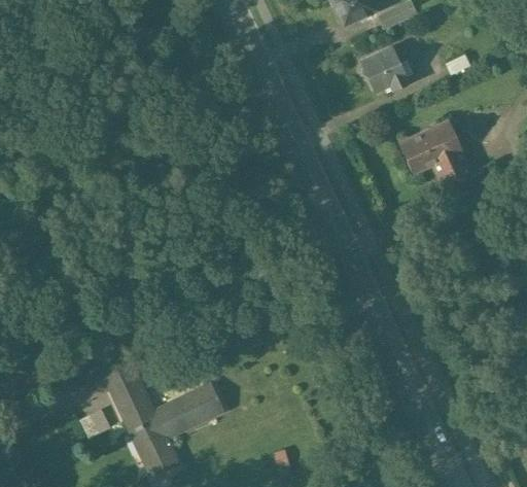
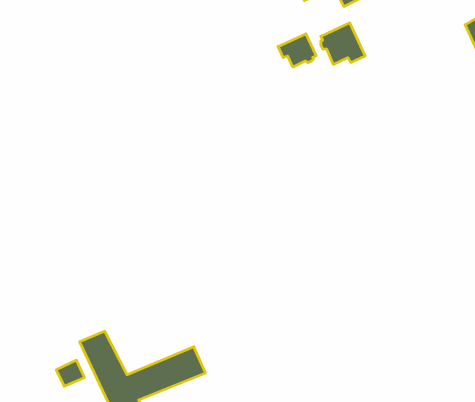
building: none -> [278,34,316,67]
building: [399,116,472,183] -> none

